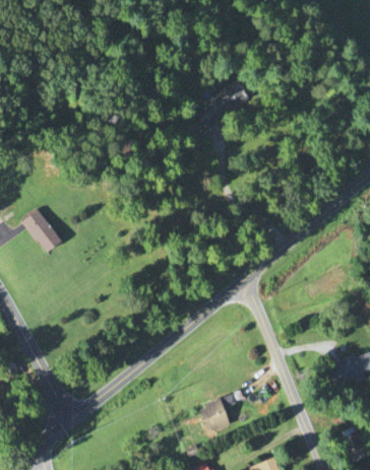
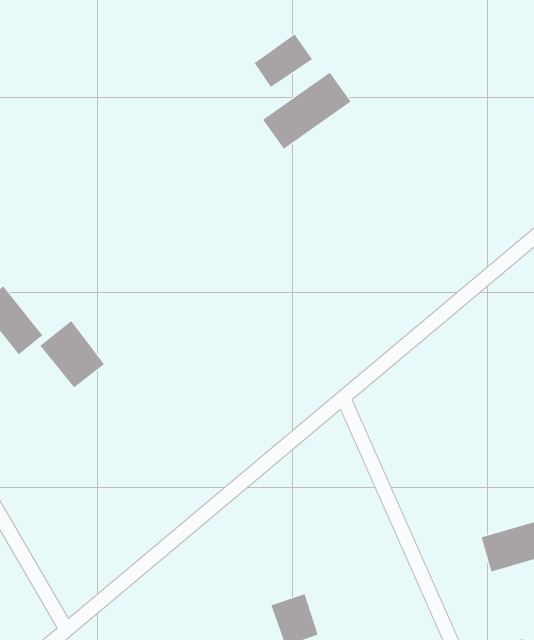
building: none -> [254,34,313,88]
building: none -> [39,320,105,388]

